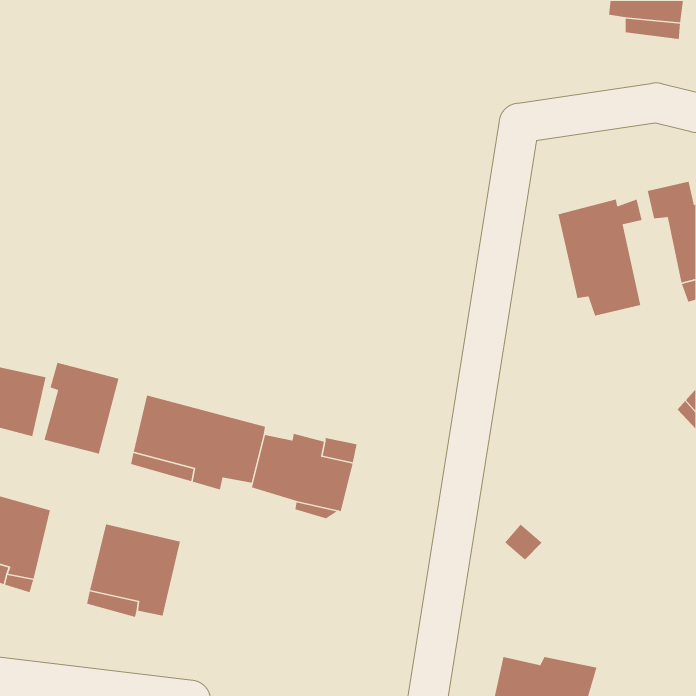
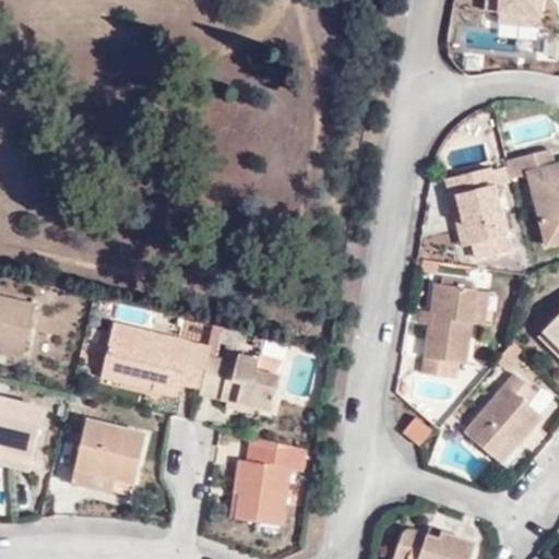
building: none -> [420,284,484,374]
building: [43,362,120,454] -> none
building: none -> [466,376,547,455]
building: none -> [229,435,302,530]

